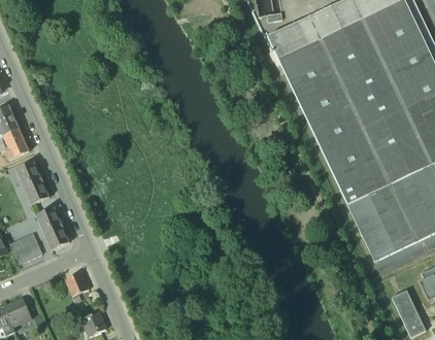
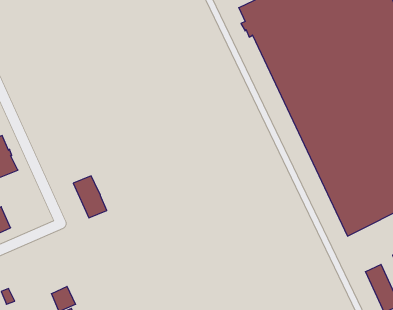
building: [36,207,69,248] -> [73,176,107,218]
building: [65,270,90,301] -> none

